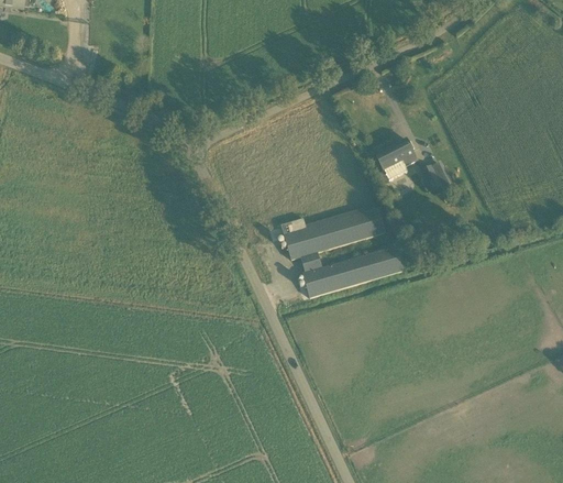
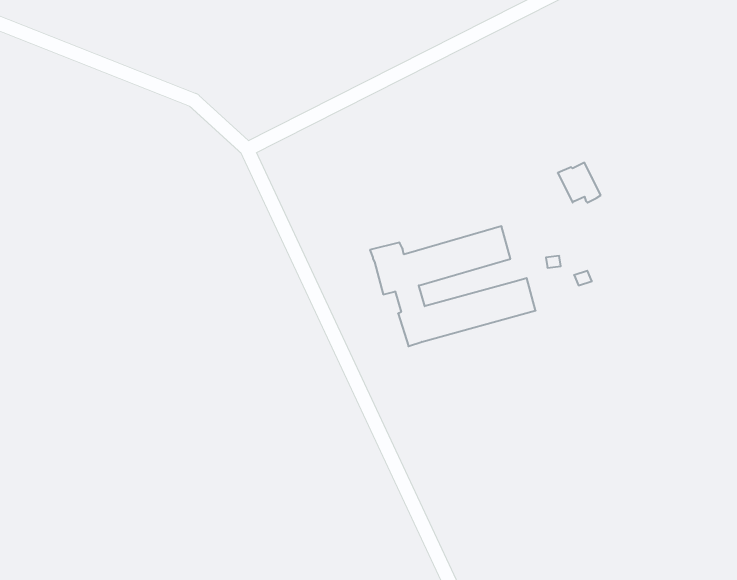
building: [375,138,416,178] -> none

